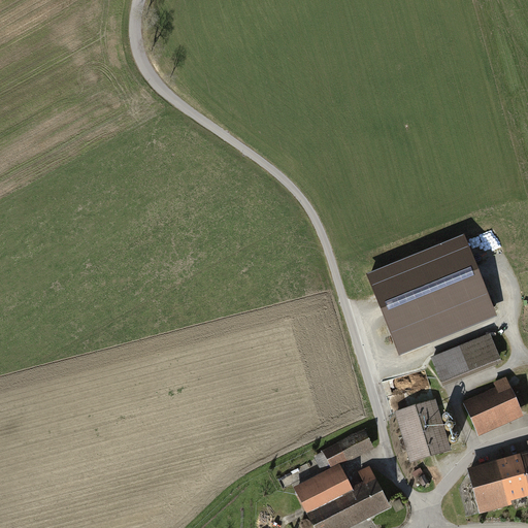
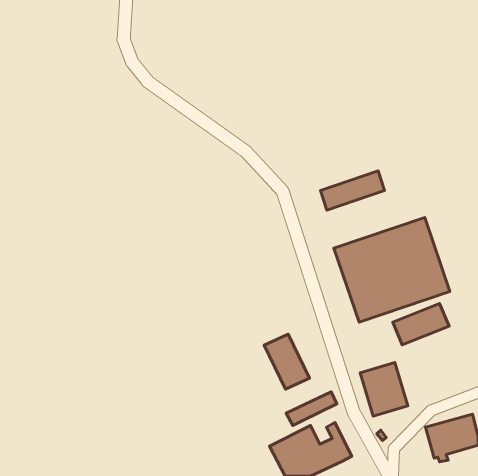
building: none -> [321,171,384,210]
building: none -> [264,334,309,389]
building: [464,376,519,427] -> none

